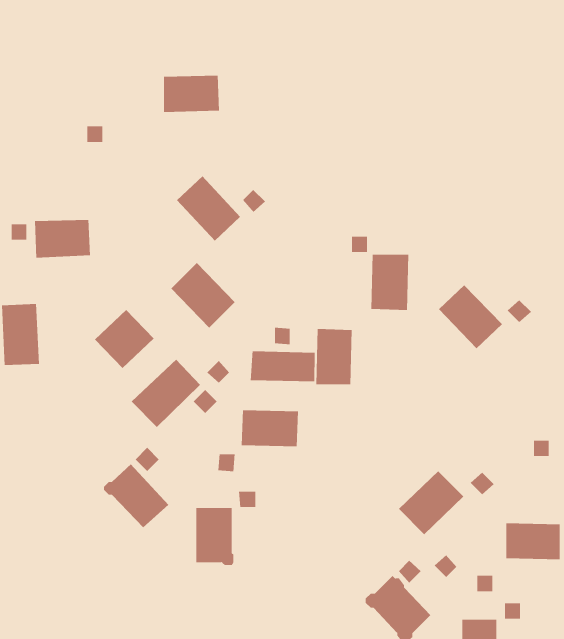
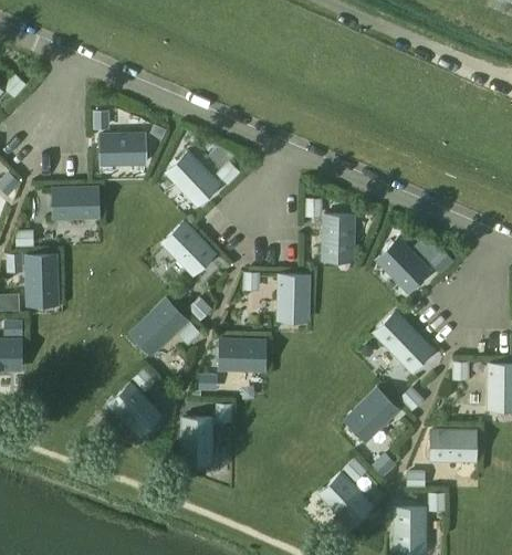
building: [163,75,220,112] -> [101,135,146,165]
building: [94,309,154,369] -> none
building: [250,351,315,382] -> none
building: none -> [374,313,432,371]

